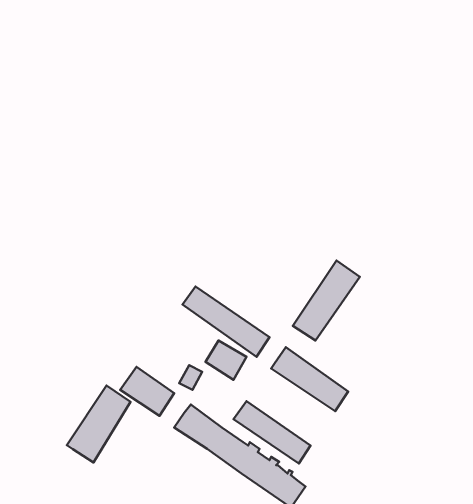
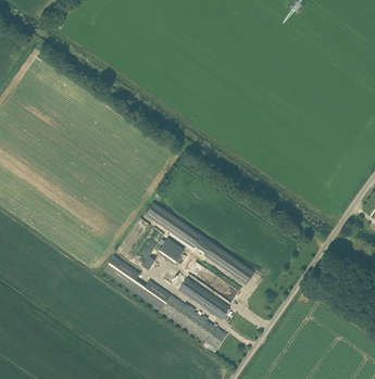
building: [293,261,360,340] -> none
building: [67,386,131,463] -> none

